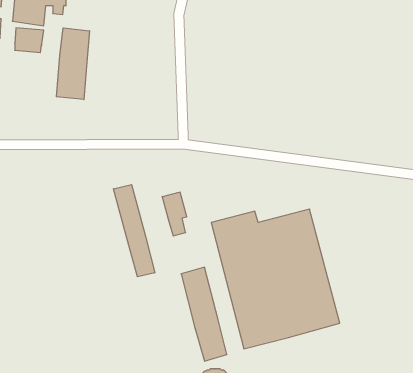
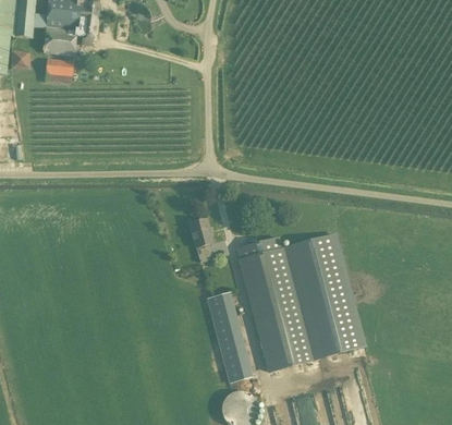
building: [56,28,89,100] -> none
building: [113,185,155,277] -> none

